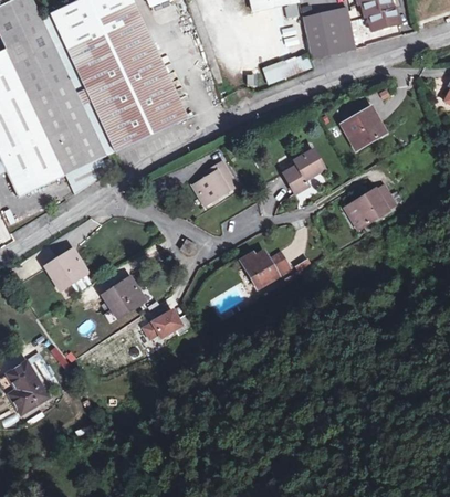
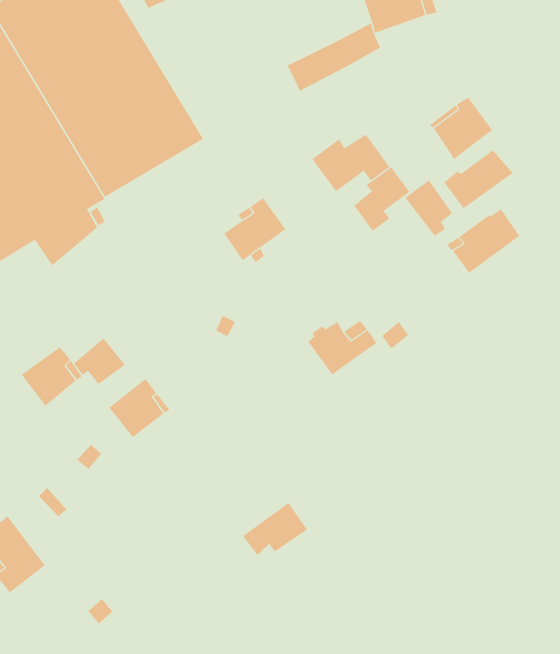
building: none -> [312,134,390,192]
building: none -> [443,149,514,209]
building: none -> [405,180,453,237]
building: none -> [73,338,125,385]
building: [142,307,187,341] -> [242,502,308,556]

